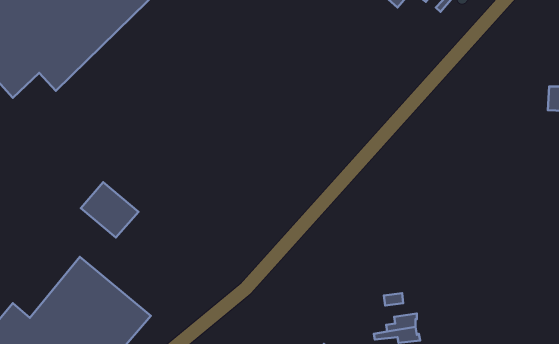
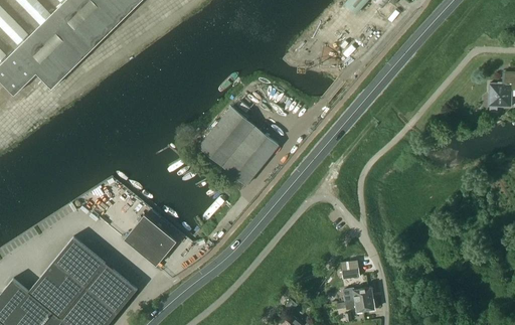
building: none -> [200,106,279,184]
building: [81,182,138,238] -> [125,214,176,264]

